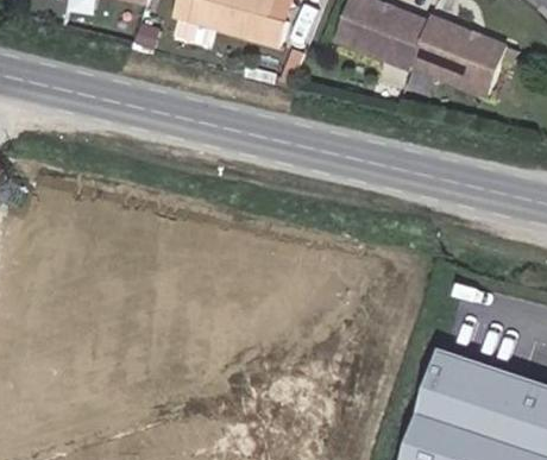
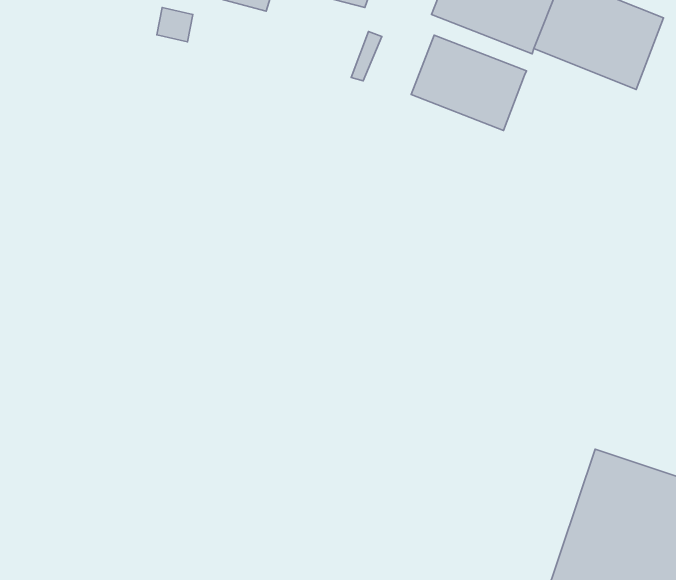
building: none -> [411,35,526,130]

